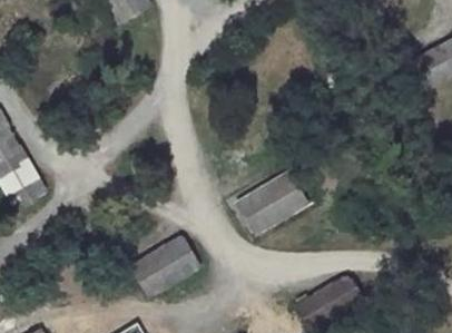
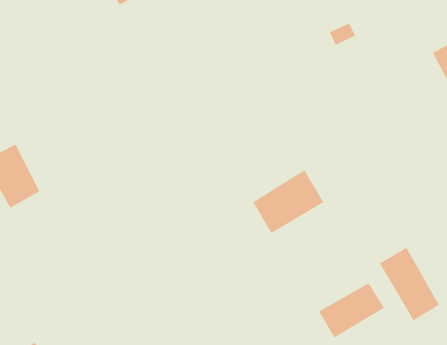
building: [131,235,198,295] -> none
building: none -> [379,247,439,321]

